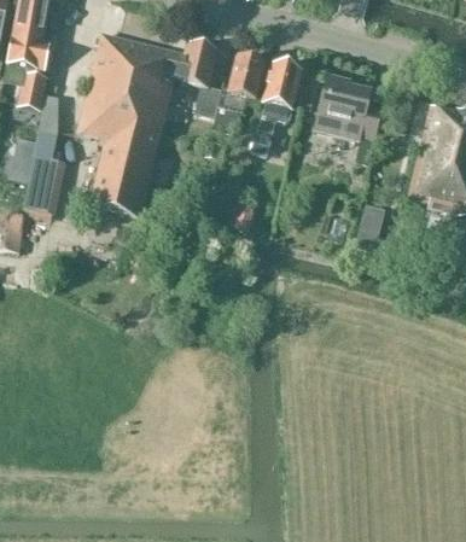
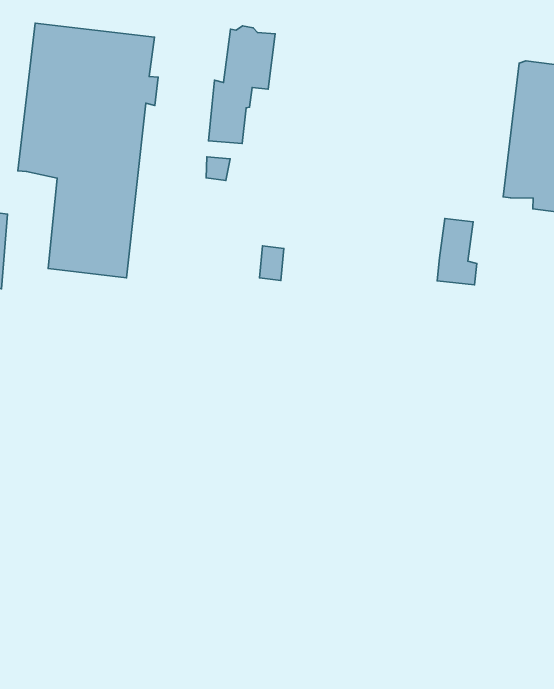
building: [174,40,219,116] -> none
building: [251,60,301,145] -> none
building: [315,75,378,162] -> none

